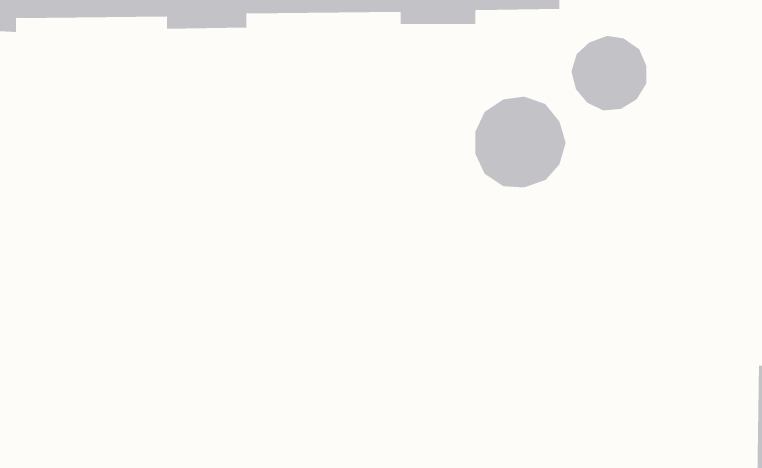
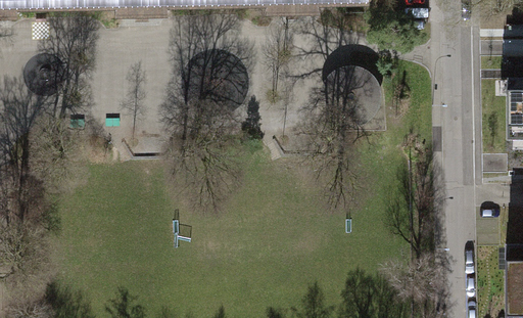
building: [571,35,647,111] -> none

